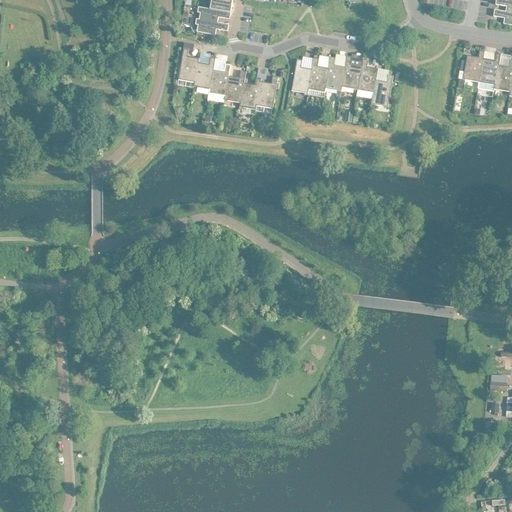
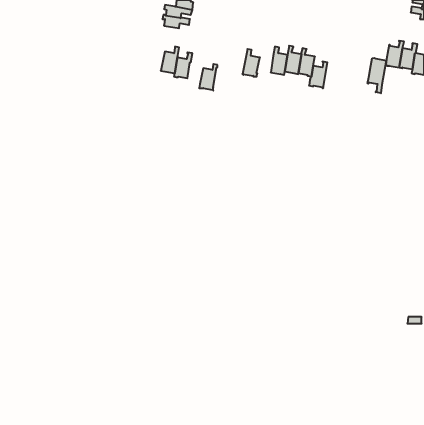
building: [178,48,199,81] -> none
building: [308,57,328,91] -> none
building: none -> [368,58,386,93]
building: [224,70,246,101] -> none
building: [256,76,278,107] -> none

